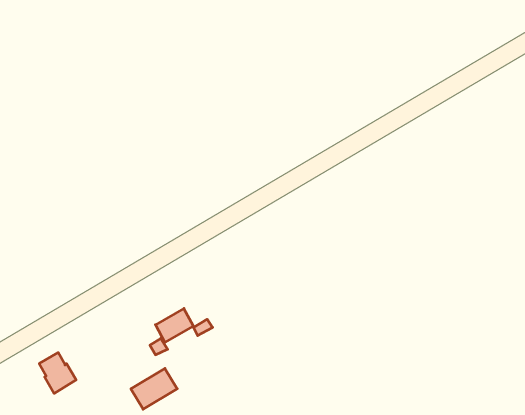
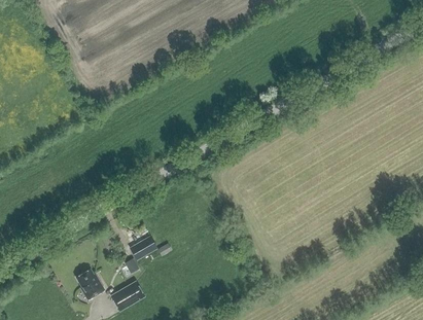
building: [39,353,76,393] -> [76,269,104,299]

